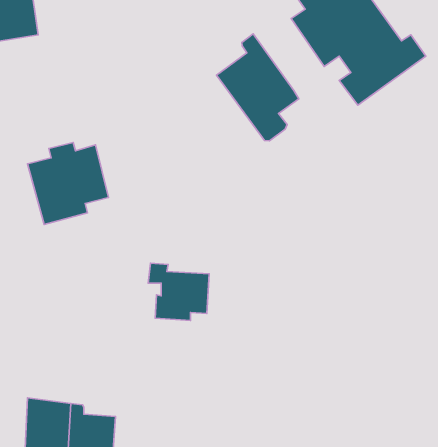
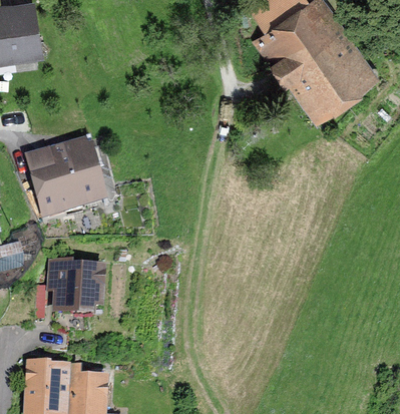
building: [216,34,299,141] -> none
building: [148,263,209,321] -> [50,261,102,310]

